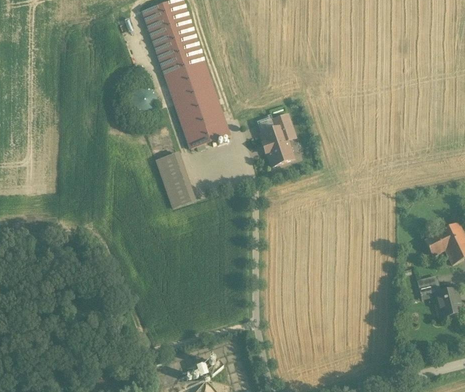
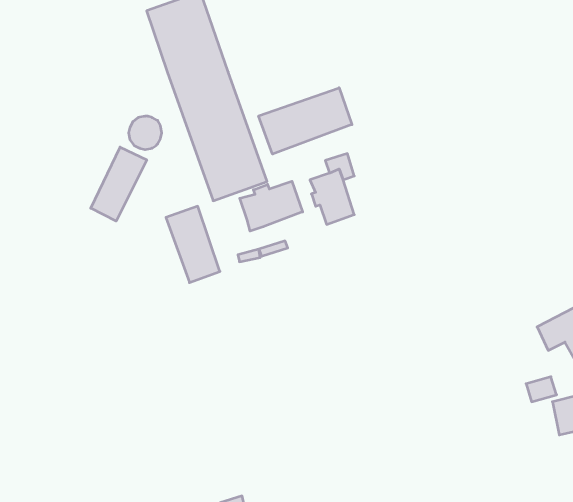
building: none -> [259,88,352,154]
building: none -> [91,147,147,221]
building: none -> [240,181,303,231]

